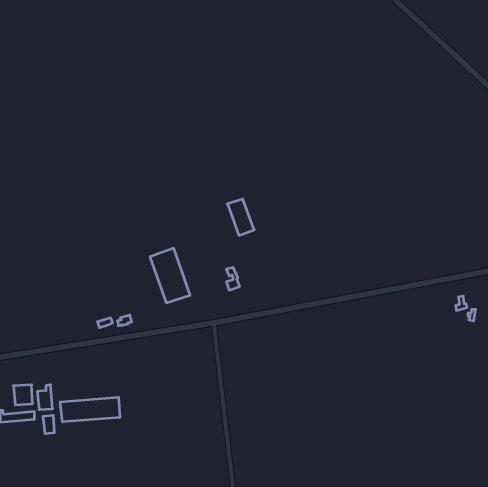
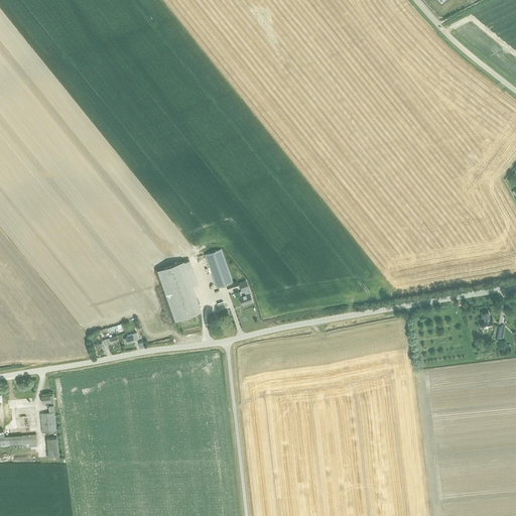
building: [227,199,254,235] -> [205,251,233,289]
building: [60,397,120,422] -> none

